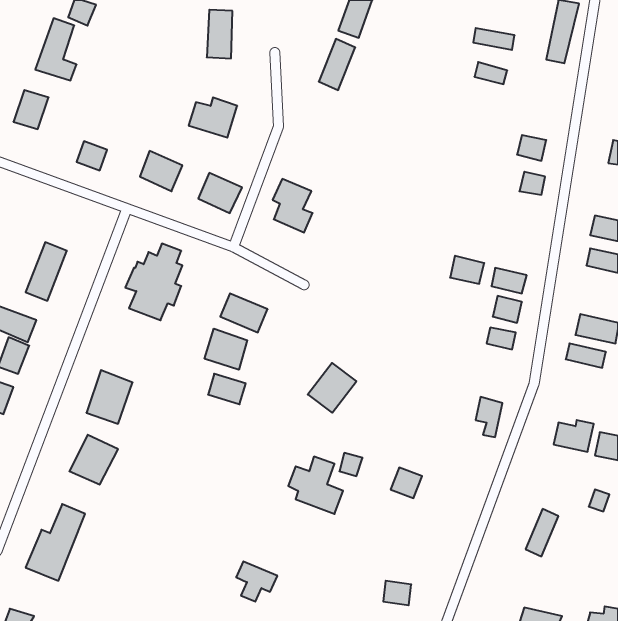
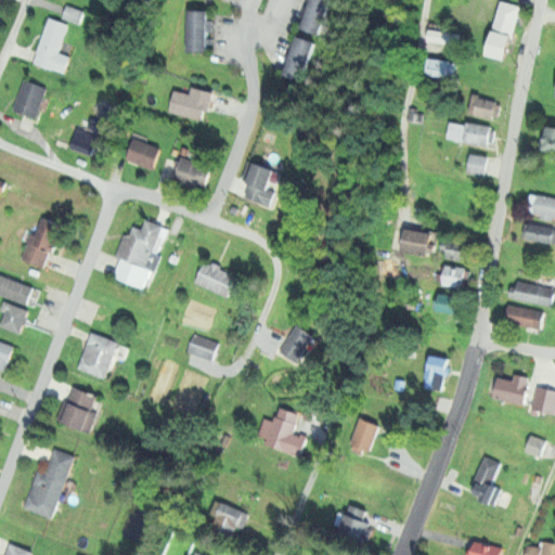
building: none -> [465,96,495,118]
building: [205,329,247,370] -> none

